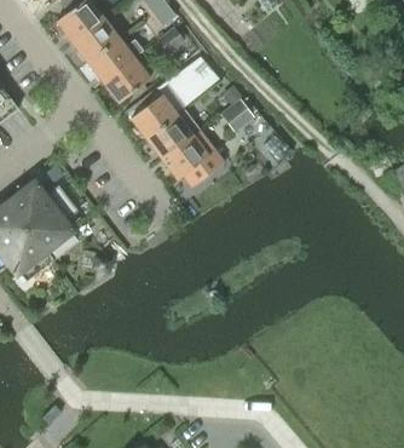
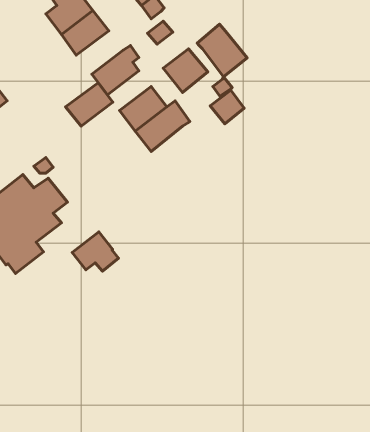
building: none -> [197,24,247,77]
building: [87,39,134,82] -> [66,83,113,126]
building: [162,131,224,188] -> none
building: none -> [72,232,119,271]

